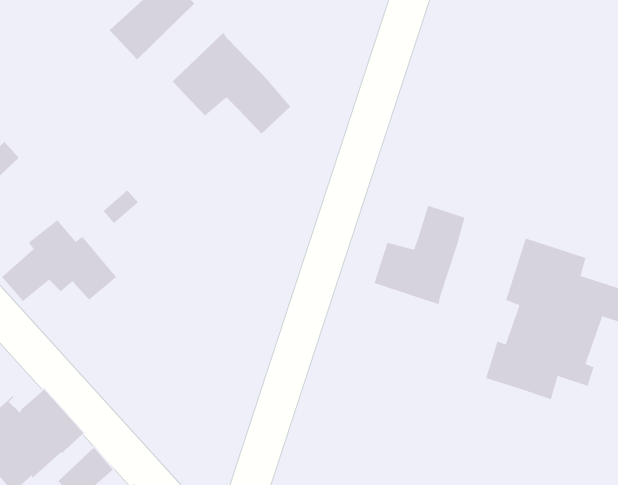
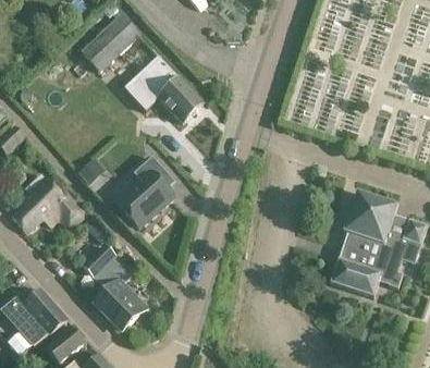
building: none -> [113,156,174,228]
building: [373,205,465,305] -> none
building: none -> [83,244,153,329]

